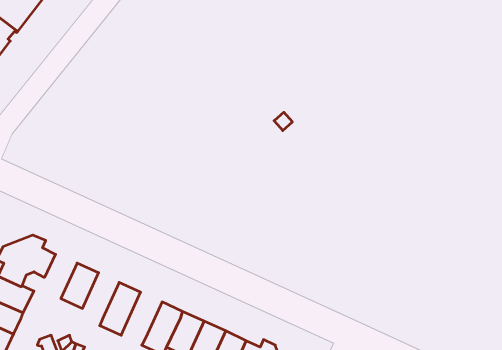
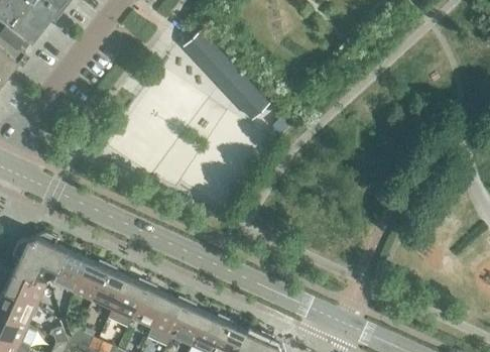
building: none -> [181,29,269,120]
building: none -> [50,251,87,292]
building: none -> [92,268,126,311]
building: none -> [131,286,166,329]

